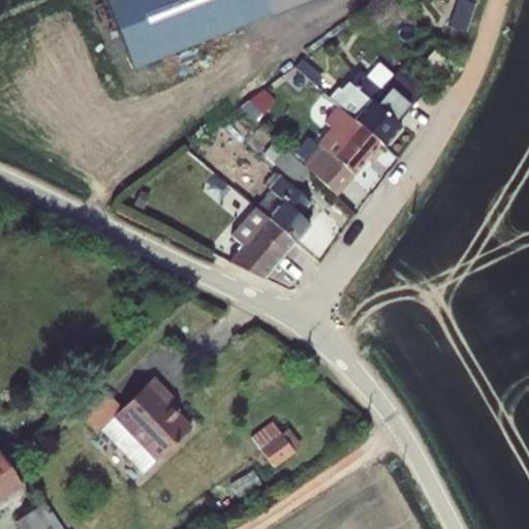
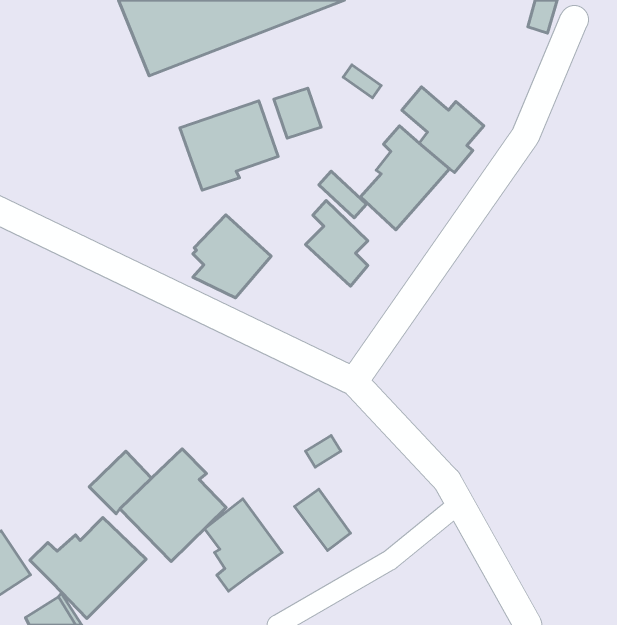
building: none -> [180,101,278,190]
building: [230,207,297,277] -> [193,215,271,298]
building: none -> [204,499,282,591]
building: none -> [30,518,146,619]

